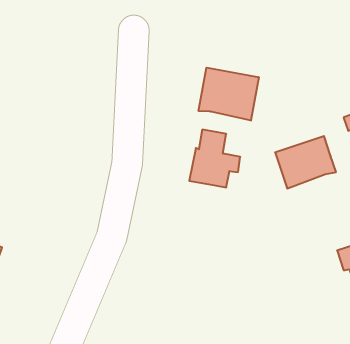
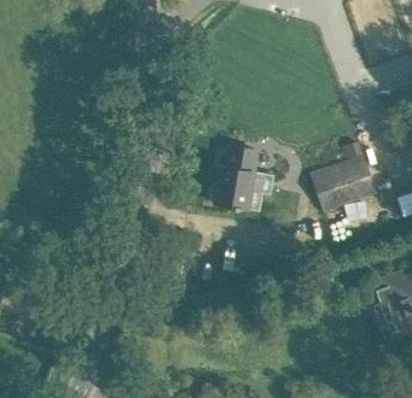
building: [199,68,259,121] -> none

